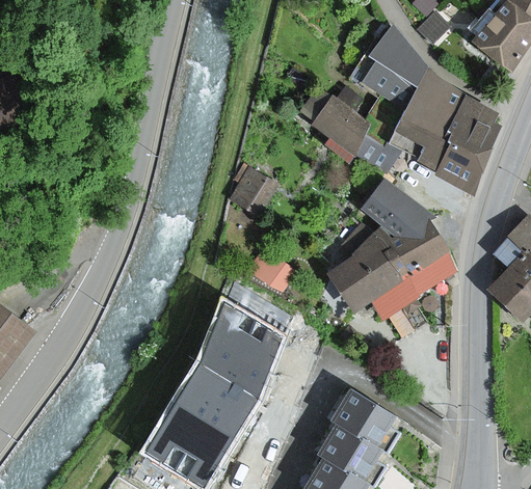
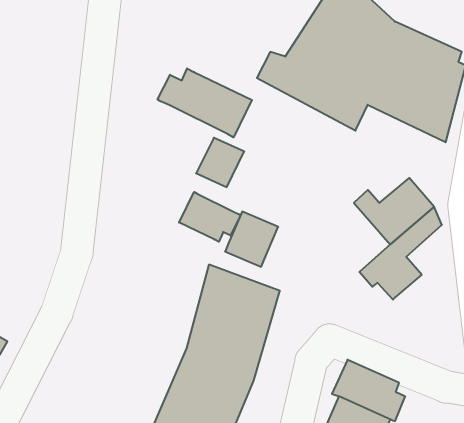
building: none -> [158,68,252,137]
building: [364,181,433,245] -> none
building: none -> [179,192,241,242]
building: [326,242,403,318] -> none

